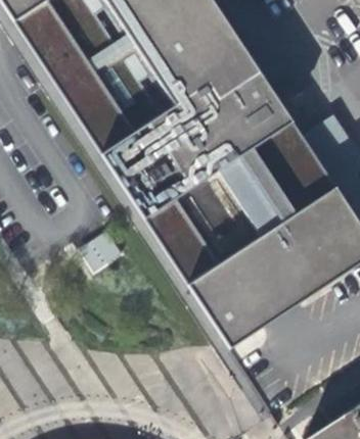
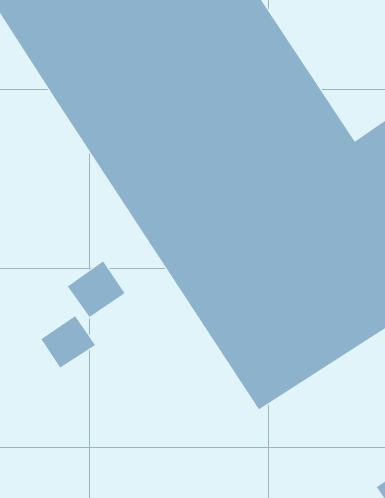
building: none -> [41,315,96,369]

